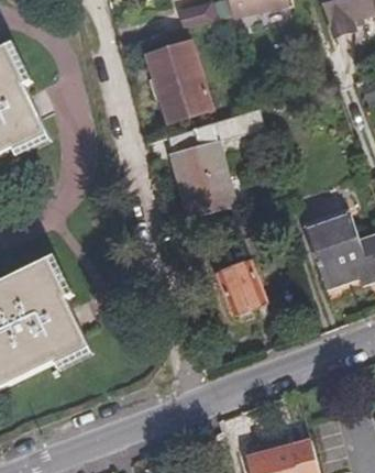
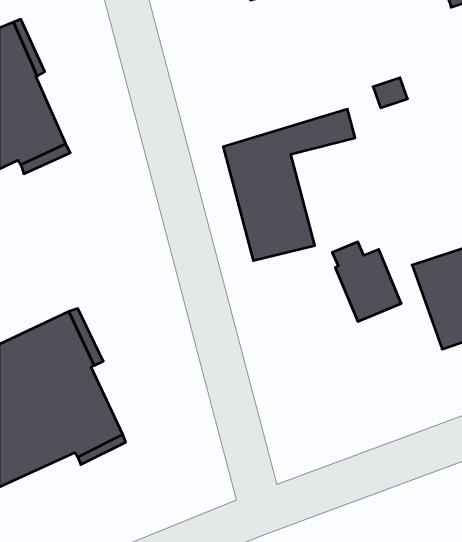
building: [146,41,210,122] -> none
building: [214,256,265,315] -> [332,242,401,321]

